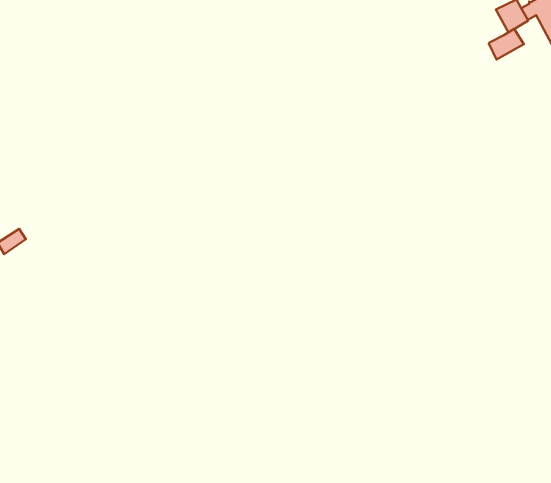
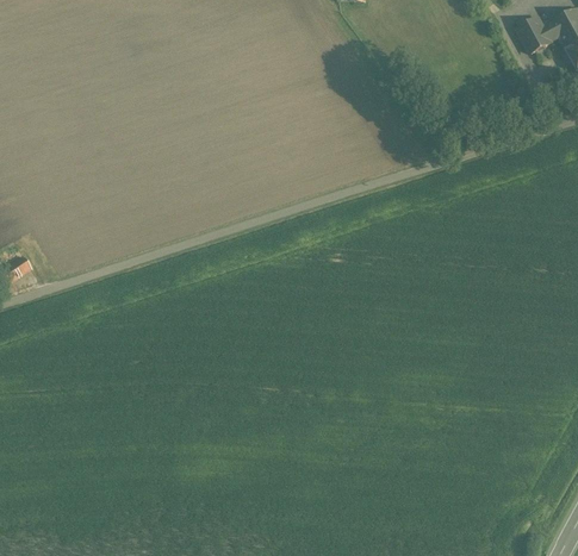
building: [489,29,524,59] -> none

